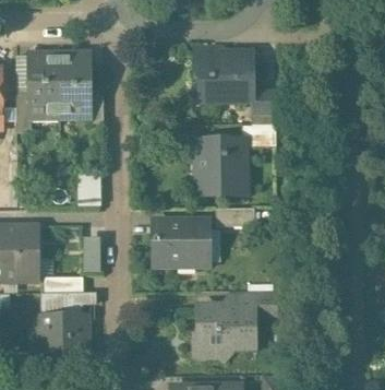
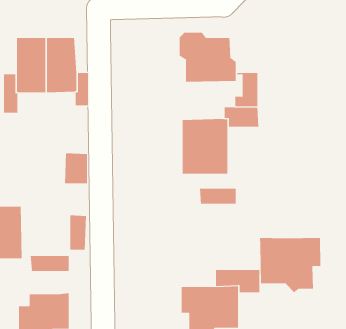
building: [154,220,210,264] -> none
building: none -> [260,237,321,293]
building: [43,292,73,315] -> none

